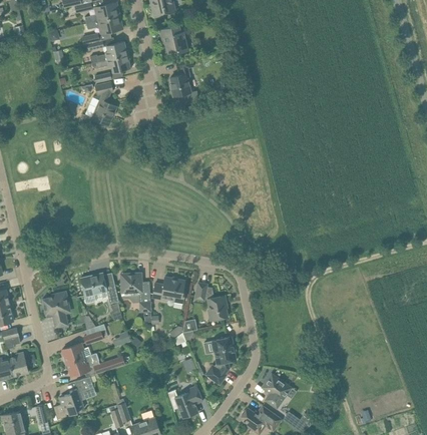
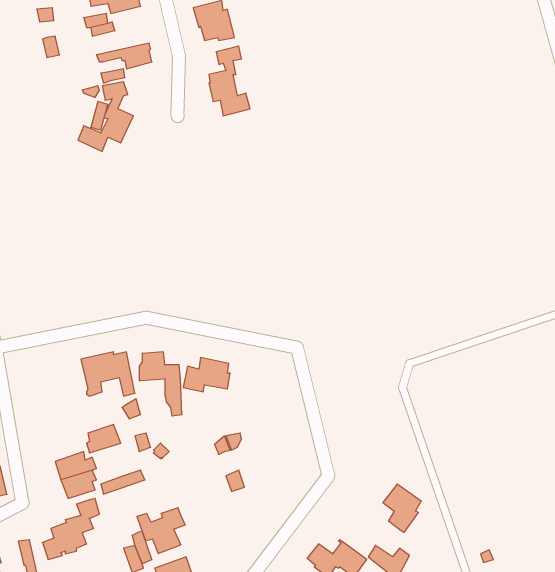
building: [90,41,128,63] -> none
building: [195,283,228,321] -> none
building: [42,291,69,328] -> none
building: [203,337,237,385] -> none
building: [262,374,289,408] -> [383,484,421,532]
building: [167,386,201,418] -> [137,508,185,553]

